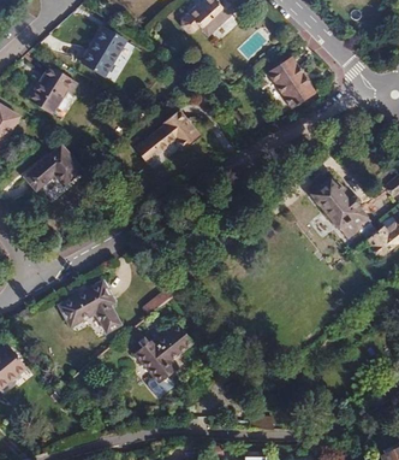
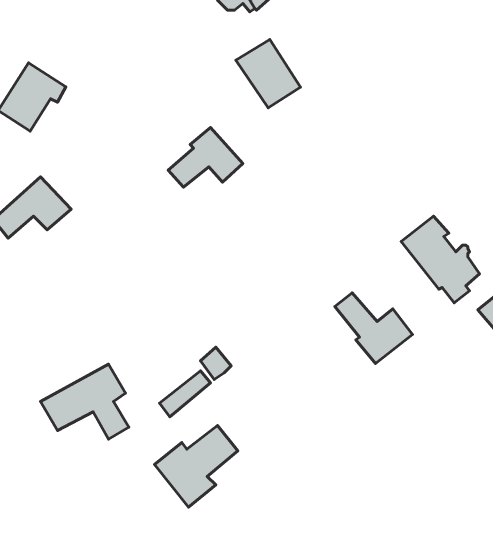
building: [81,28,124,77] -> none
building: [270,55,316,104] -> [236,40,300,108]
building: none -> [335,293,413,363]

